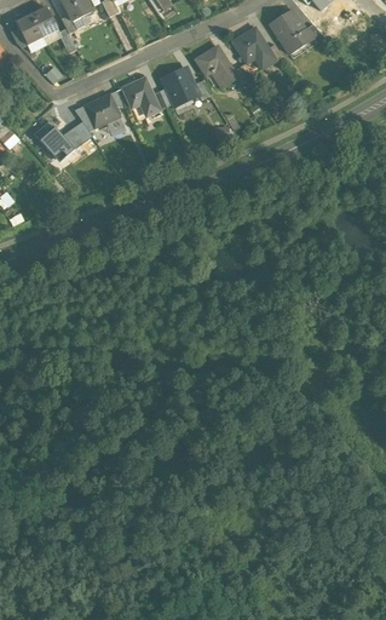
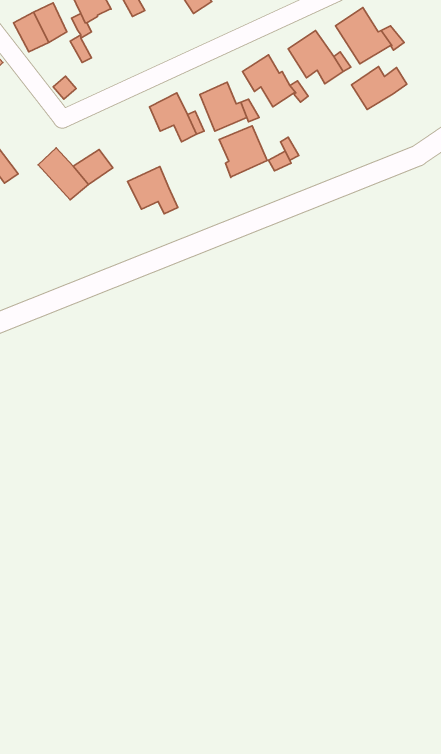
building: none -> [351,67,407,109]
building: [83,93,123,131] -> [128,166,178,214]
building: none -> [219,126,267,178]

